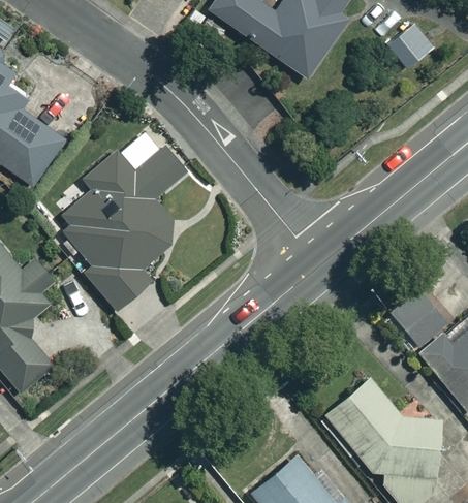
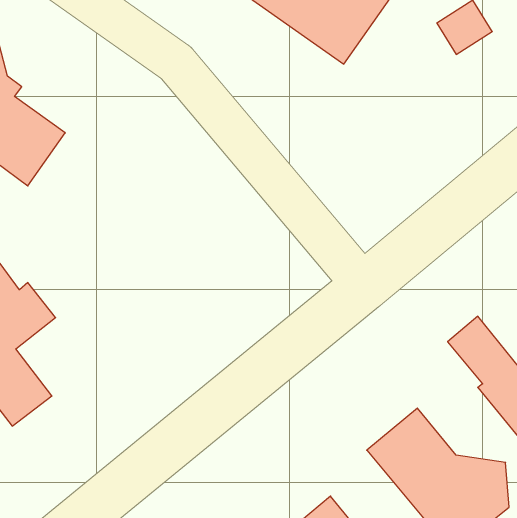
building: [67,148,186,308] -> none

